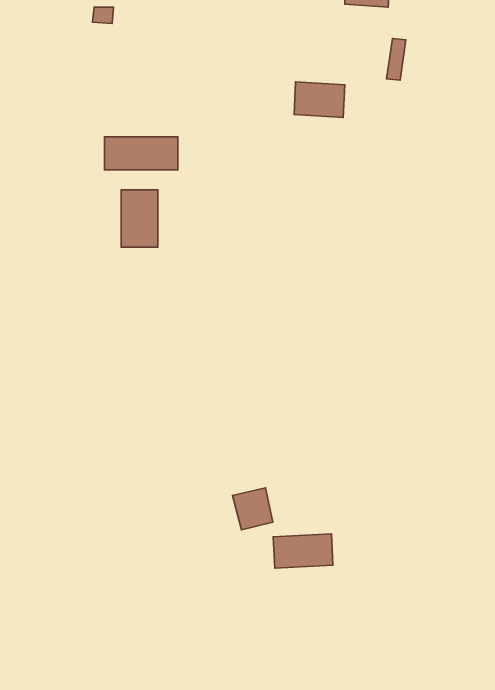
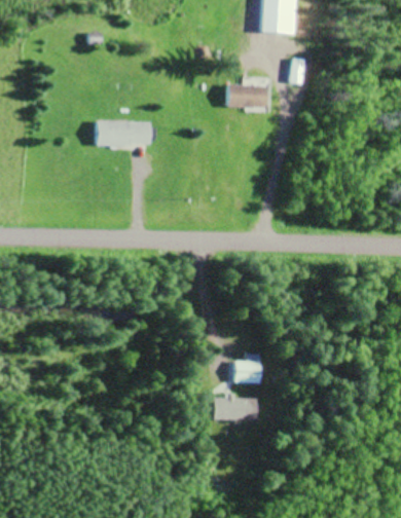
building: [121,190,158,247] -> none
building: [233,488,273,530] -> [233,356,261,384]

